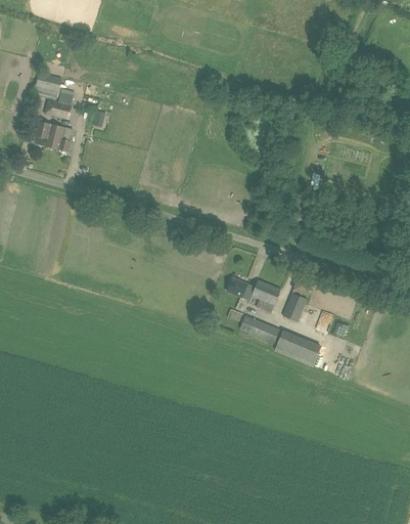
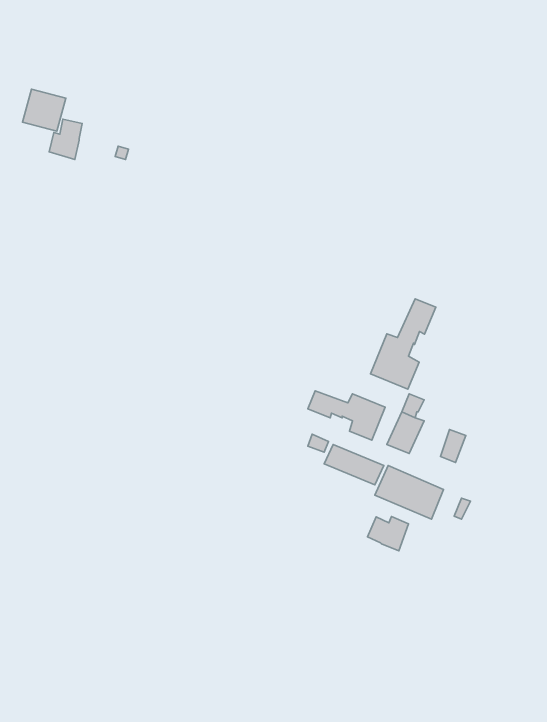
building: [33,121,73,150] -> none
building: none -> [370,299,436,389]
building: none -> [368,517,409,551]

